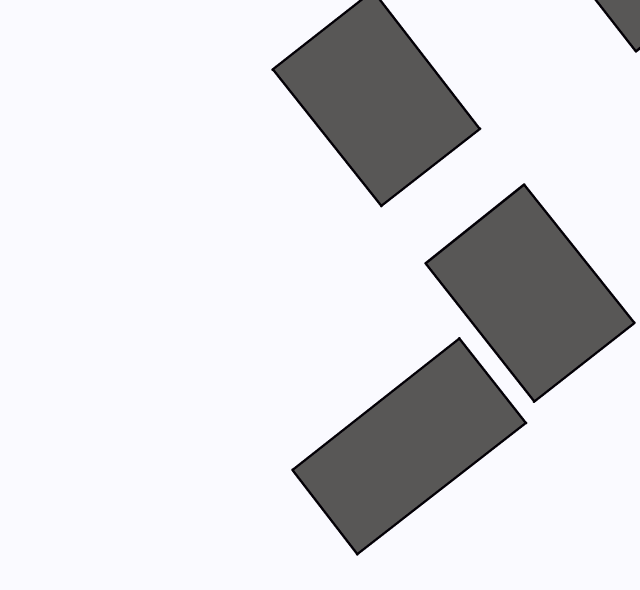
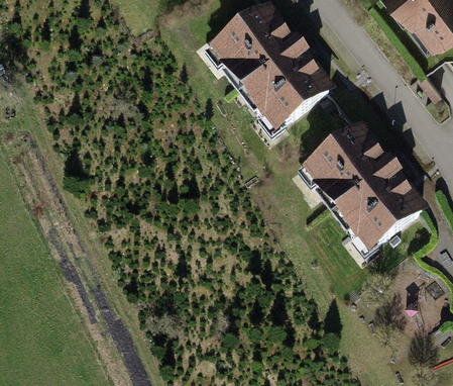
building: [293,338,526,554] -> none

